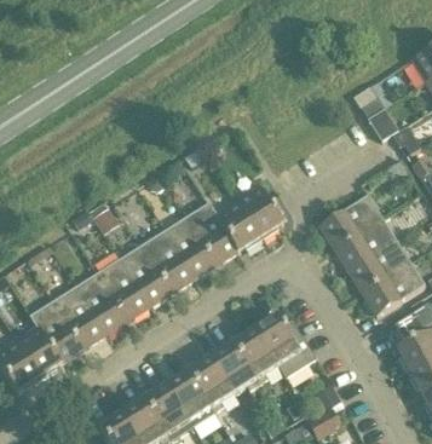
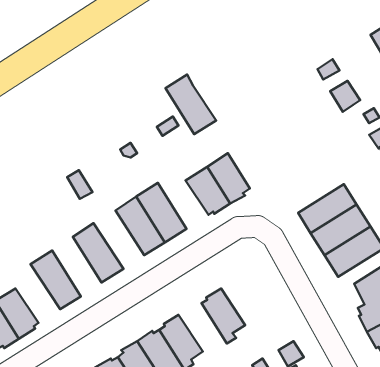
building: [321,195,384,248] -> none
building: [188,202,241,265] -> [165,74,216,134]
building: [120,246,173,307] -> none
building: [76,273,128,336] -> none
building: [30,302,85,364] -> none
building: [254,315,317,379] -> none
building: [209,344,260,394] -> none

